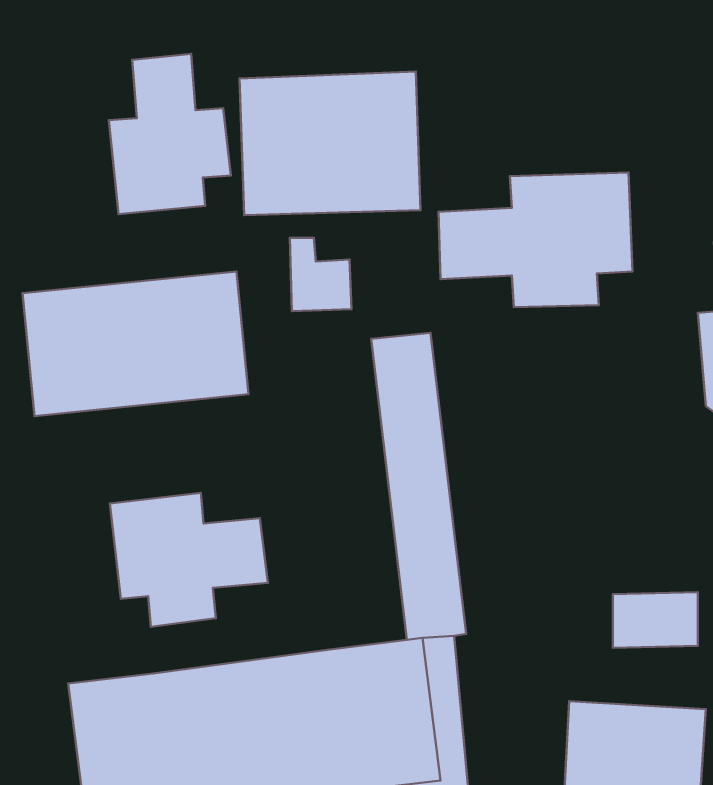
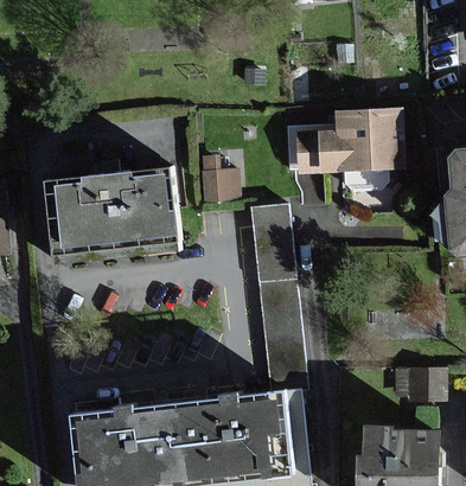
building: [109,54,231,214] -> none
building: [240,71,421,215] -> none
building: [110,493,268,627] -> none

